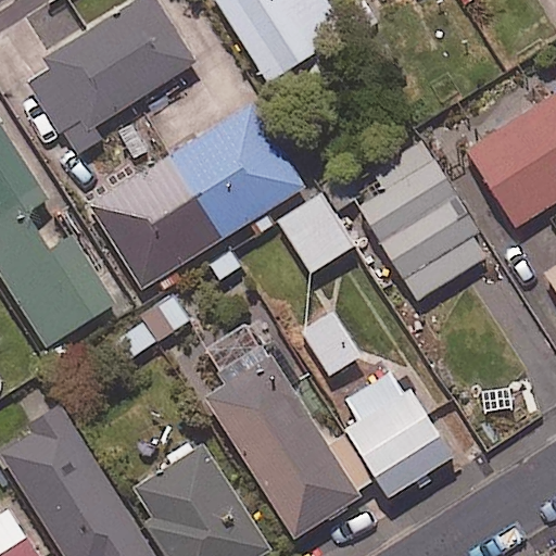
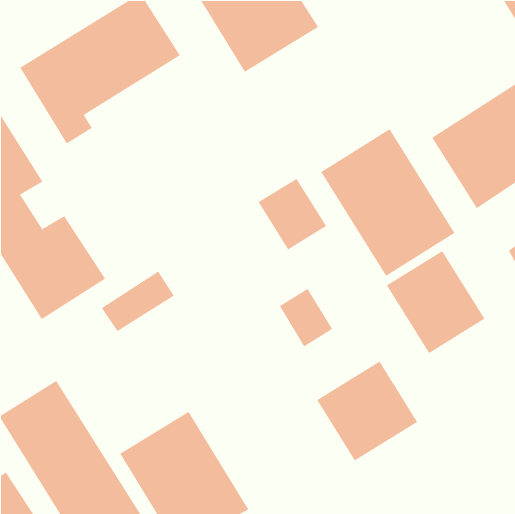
building: [90,104,303,288] -> none
building: none -> [386,250,485,354]
building: [205,356,359,535] -> none

